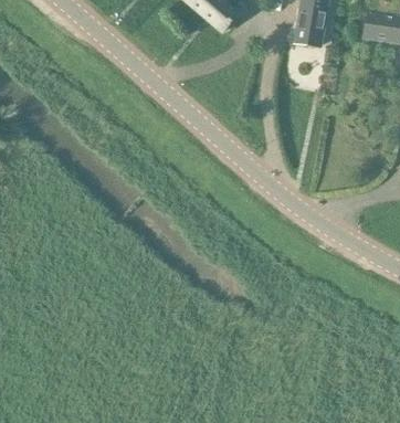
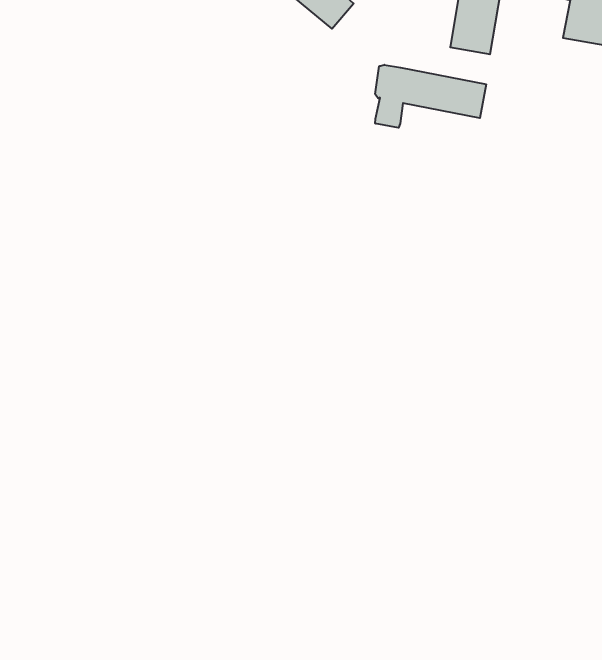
building: none -> [375,65,486,128]

